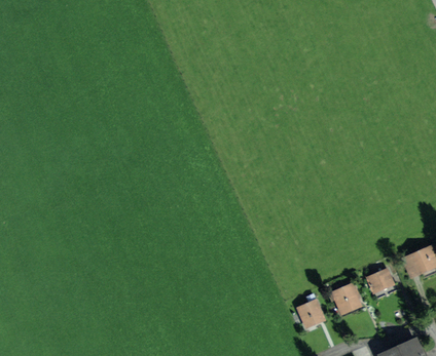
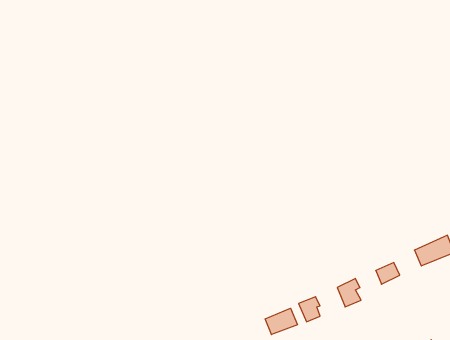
building: none -> [265,308,298,335]

